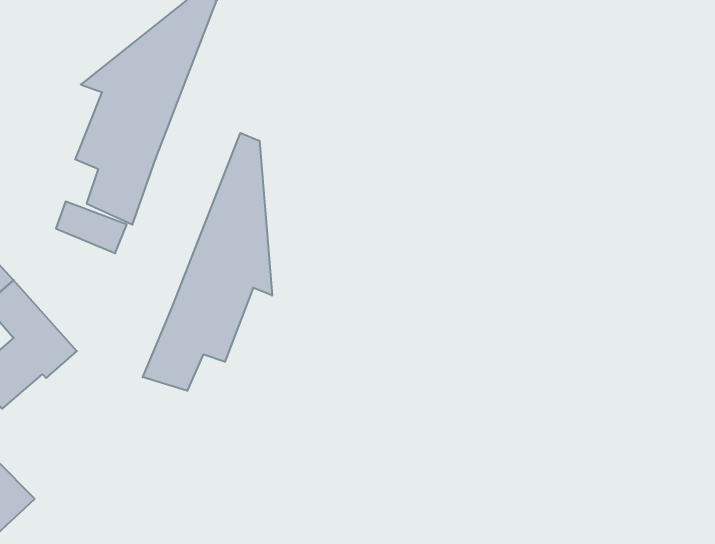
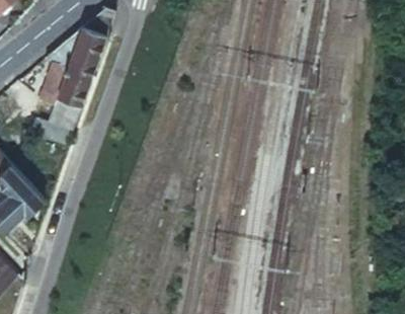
building: [143,133,272,391] -> none

